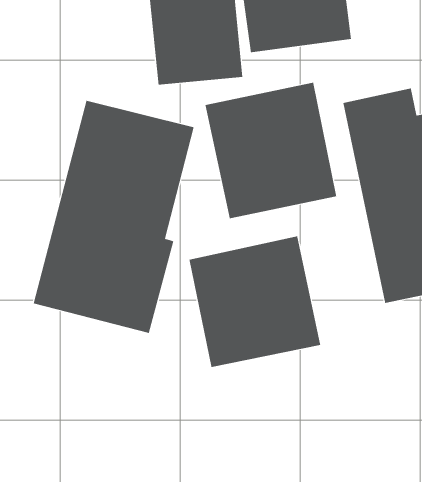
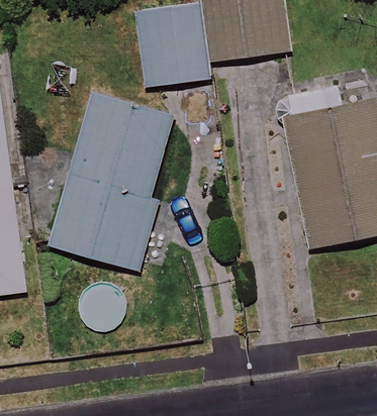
building: [205,82,337,219] -> none
building: [189,235,321,368] -> none

